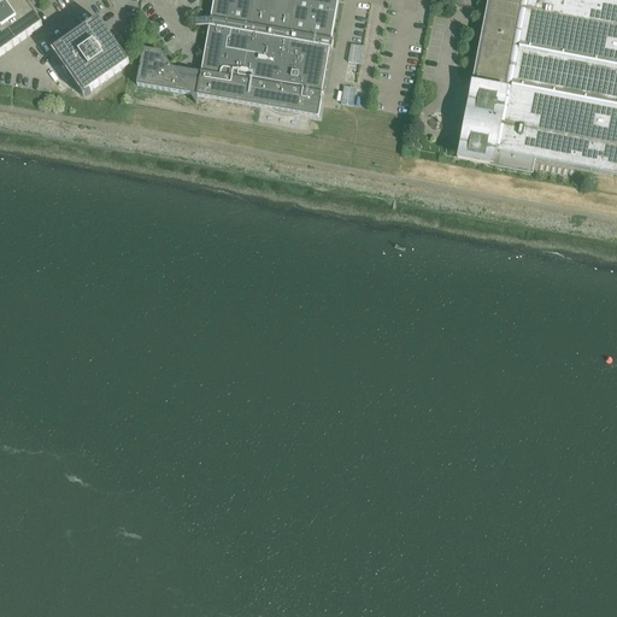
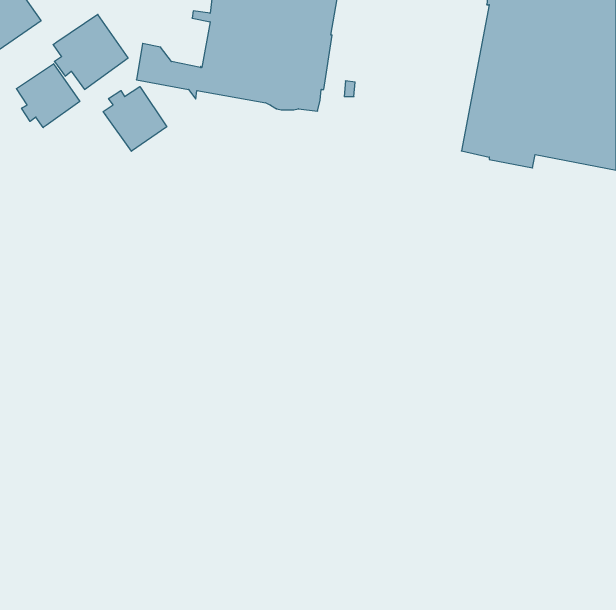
building: none -> [16,64,80,128]
building: none -> [103,87,167,151]

